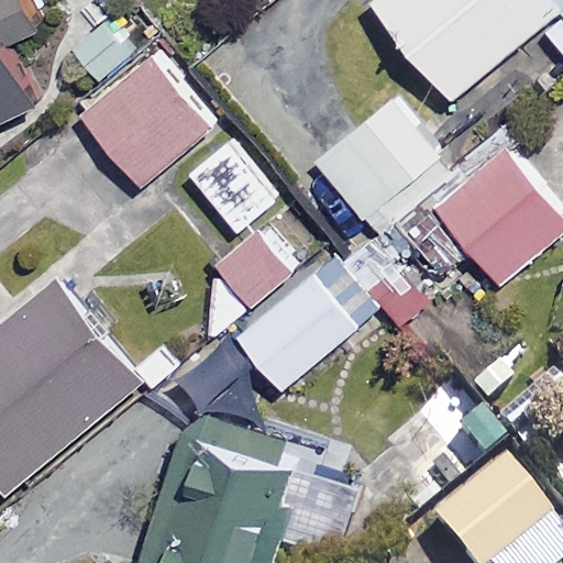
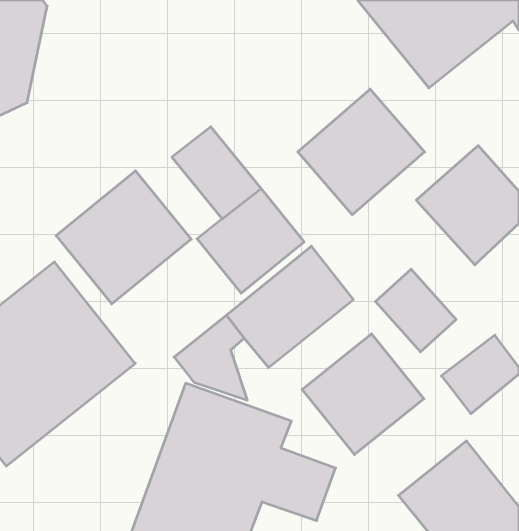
building: [77,49,213,185] -> none
building: none -> [56,171,191,304]
building: none -> [302,334,424,455]

